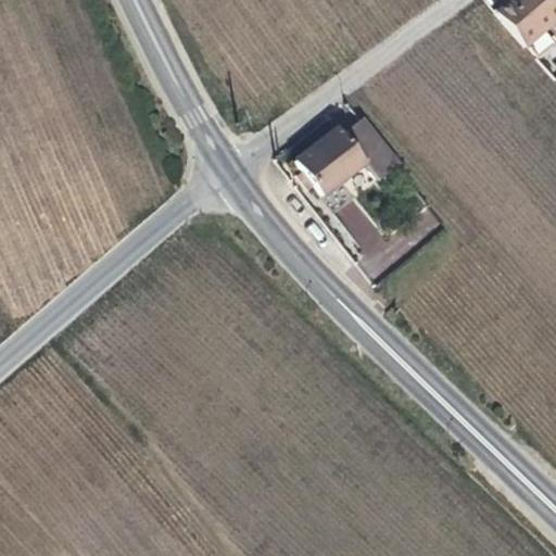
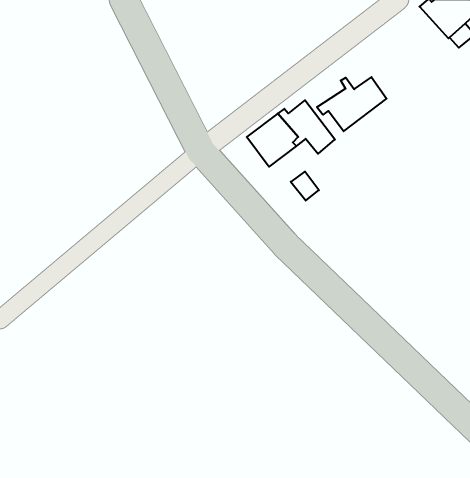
building: none -> [317,77,387,131]

